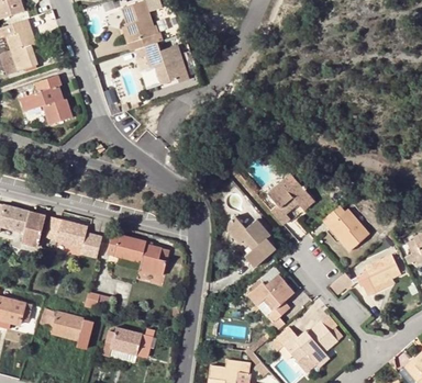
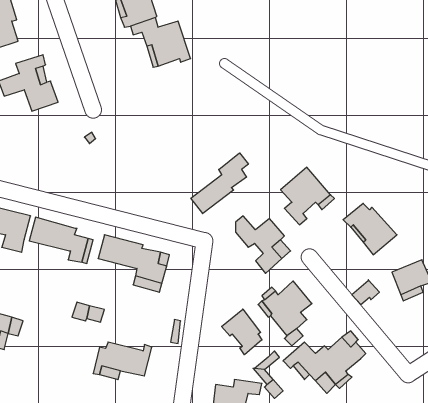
building: none -> [191,153,248,214]
building: none -> [222,309,262,355]
building: [40,308,92,348] -> none

